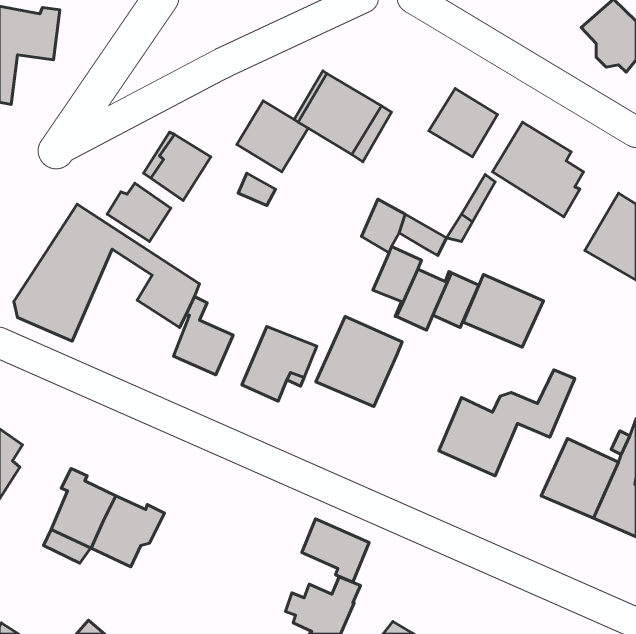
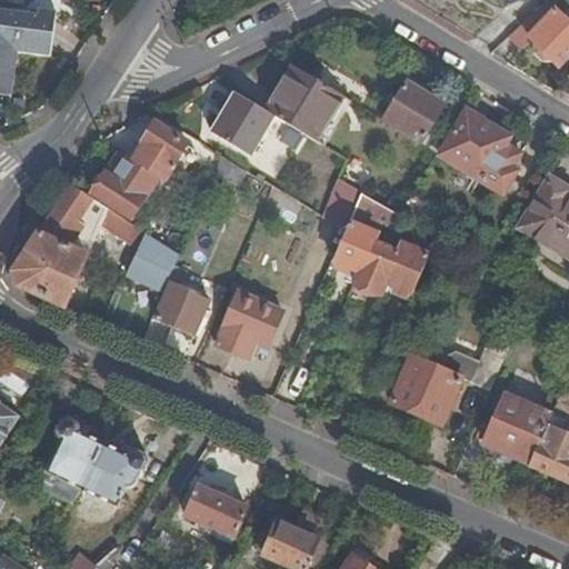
building: [463,275,543,347] -> none
building: [316,316,402,407] -> none
building: [302,519,369,582] -> [184,487,244,543]

